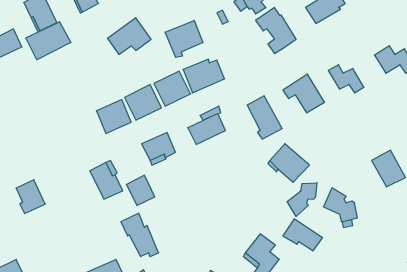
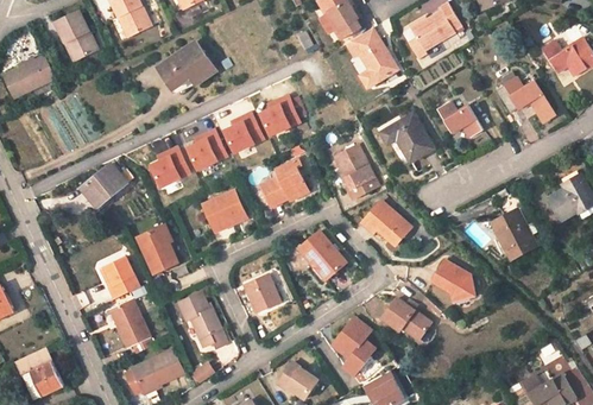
building: [165,20,203,57] -> none
building: [26,22,71,60] -> none
building: none -> [80,164,125,207]
building: none -> [297,229,345,283]
building: [126,175,155,205] -> [242,273,278,311]
building: [16,180,45,214] -> [102,255,139,298]
building: [287,183,317,216] -> none
building: none -> [108,297,147,344]

